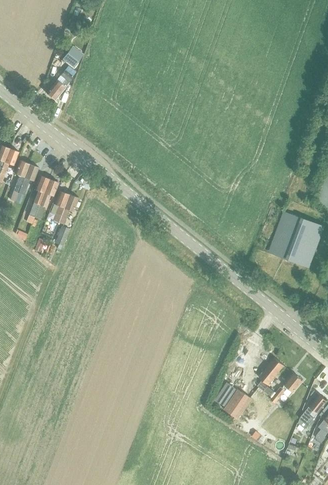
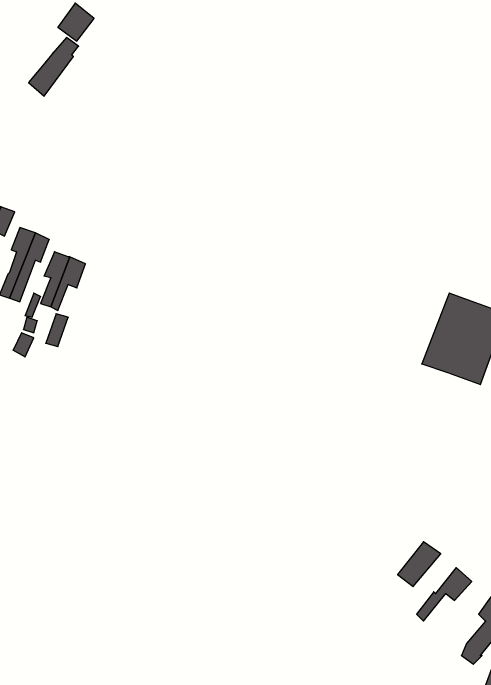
building: [223,389,250,418] -> none

